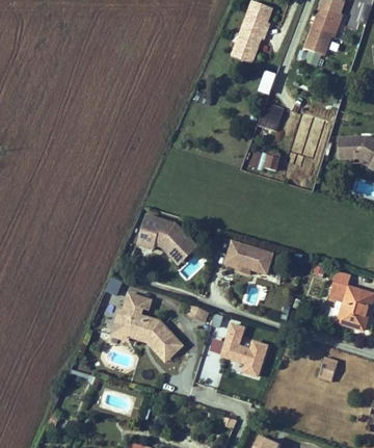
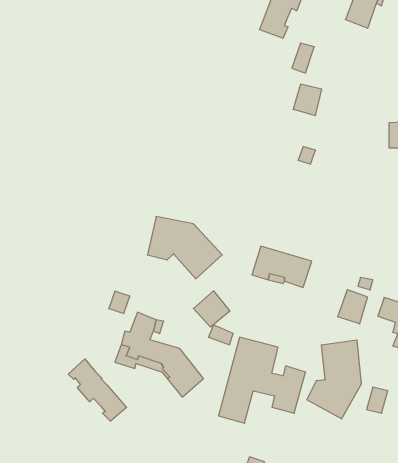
building: none -> [338,290,368,324]
building: none -> [193,291,230,327]
building: none -> [307,340,361,419]
building: none -> [68,359,127,421]

